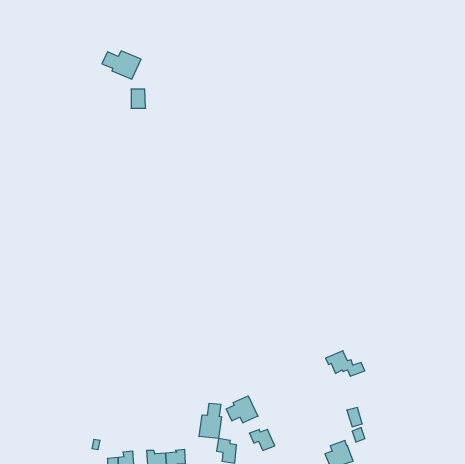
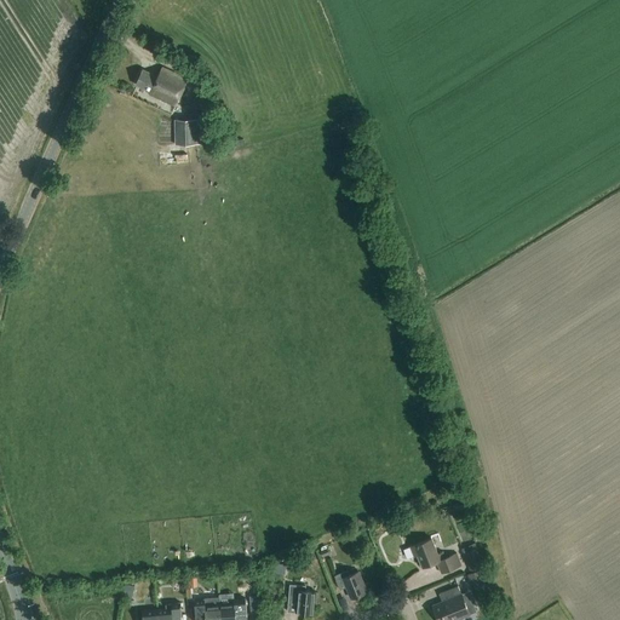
building: [326,351,365,376] -> [408,540,460,574]
building: [226,396,258,423] -> none
building: [199,403,222,439] -> none

